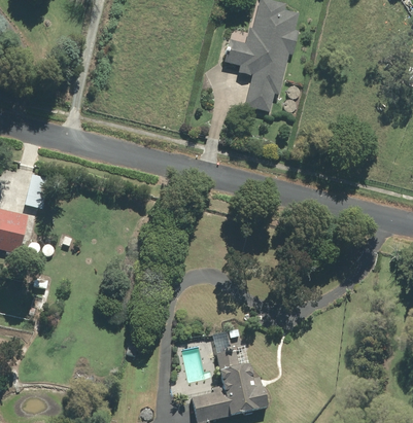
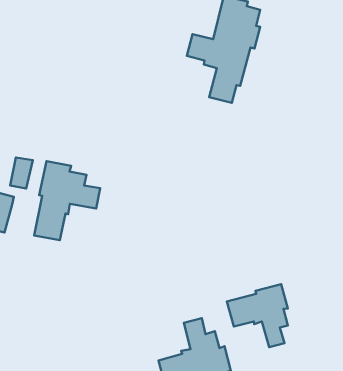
building: none -> [34,161,100,240]
building: none -> [227,284,288,347]

